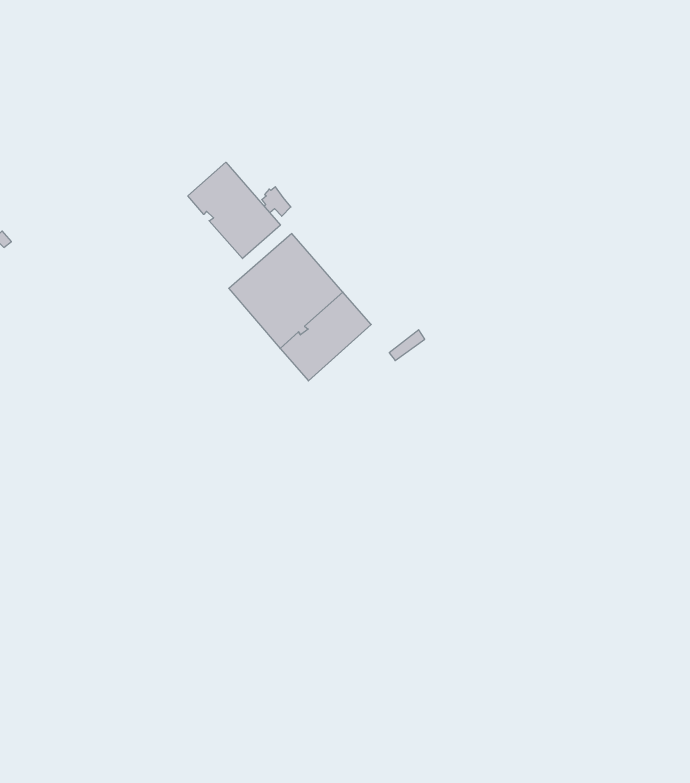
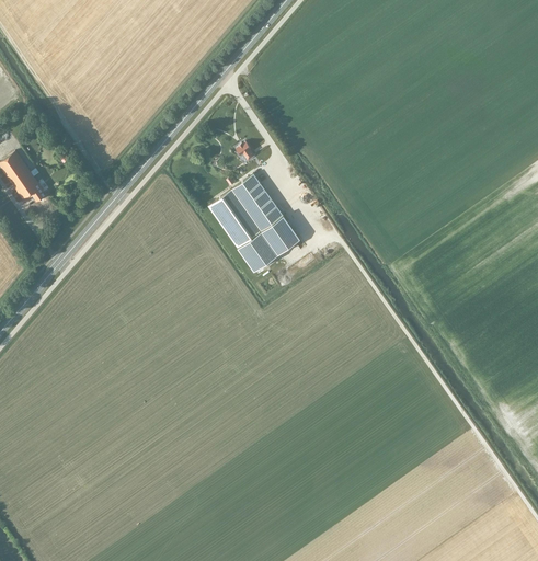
building: [188,162,280,259] -> none

